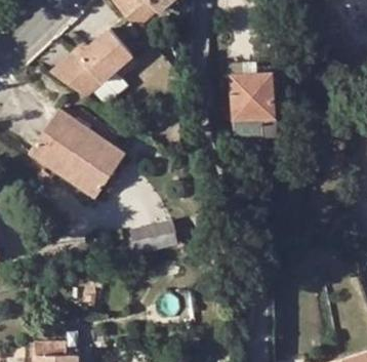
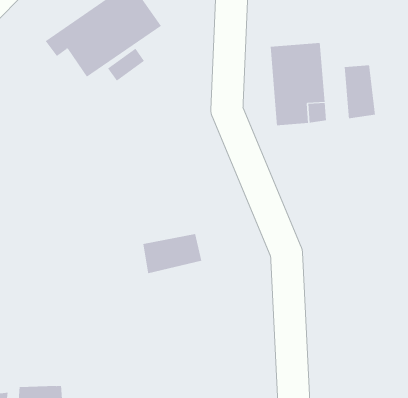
building: none -> [344,65,376,119]
building: [31,110,122,195] -> none

